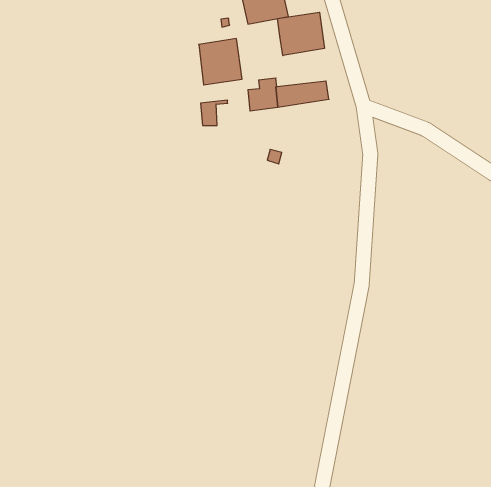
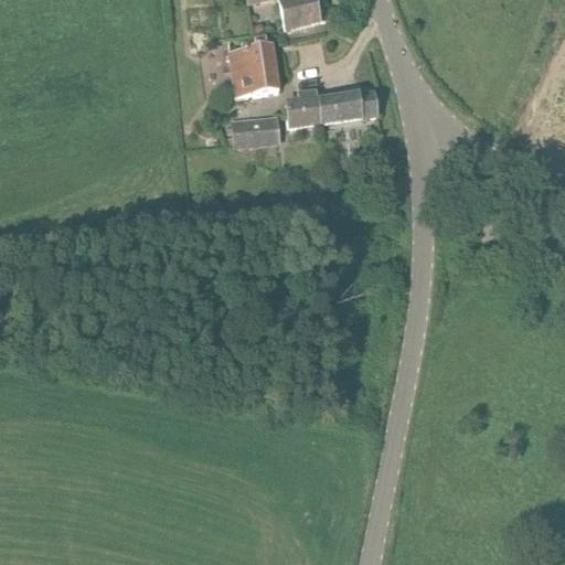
building: [278,12,324,56] -> none
building: none -> [234,114,280,147]

